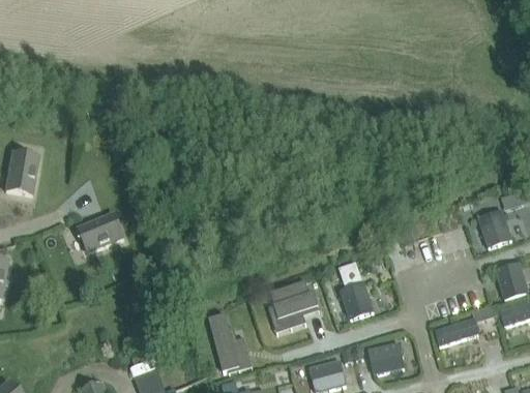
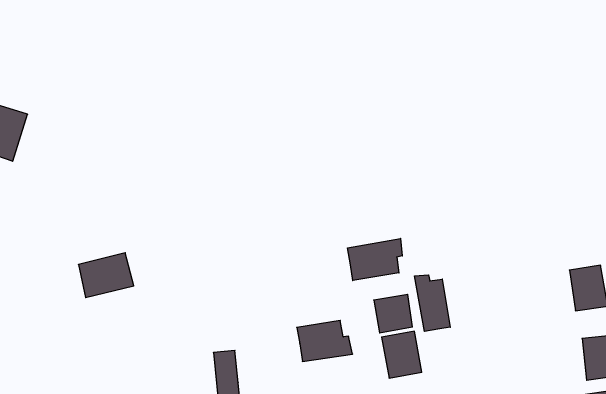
building: none -> [348,238,402,281]
building: [79,212,124,251] -> [78,253,134,298]
building: none -> [415,275,450,331]

